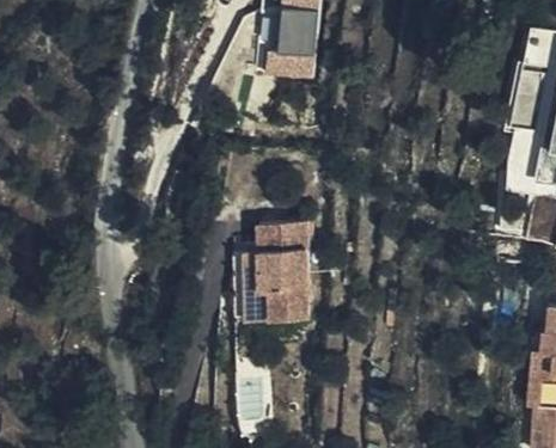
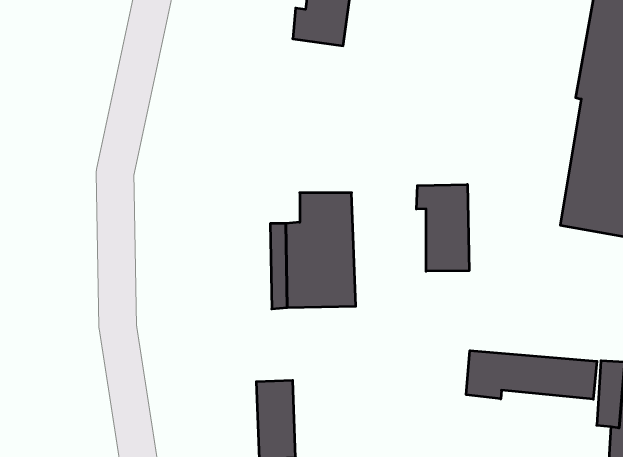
building: none -> [416,184,469,271]
building: none -> [466,351,597,399]

